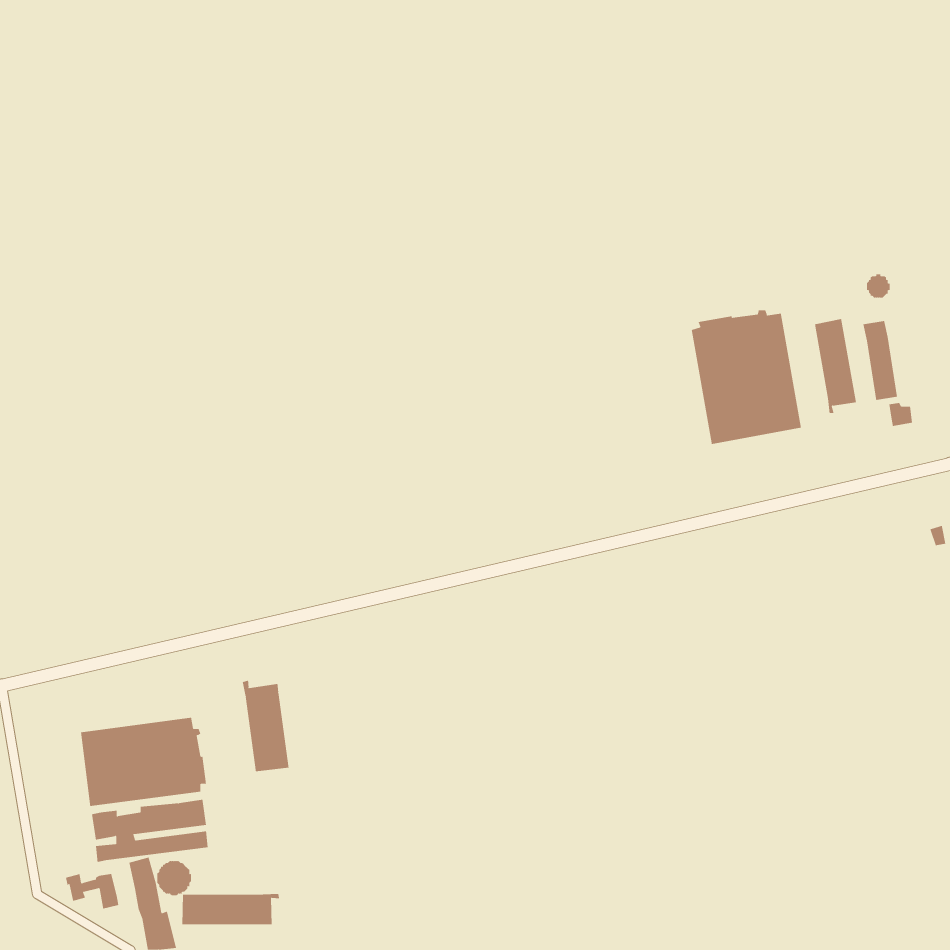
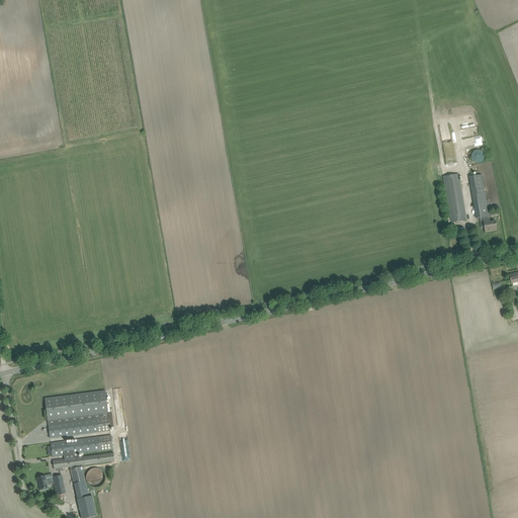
building: [691,309,802,445] -> none
building: [242,680,289,772] -> none
building: [182,893,280,925] -> none

